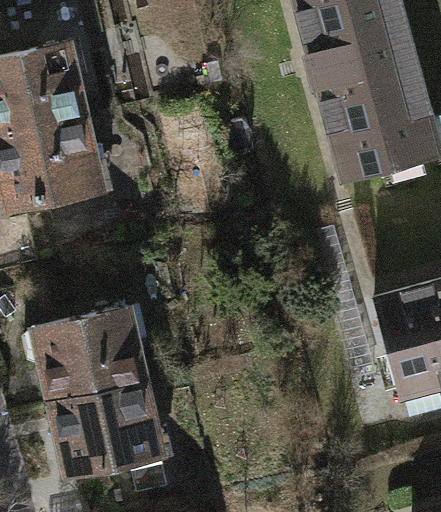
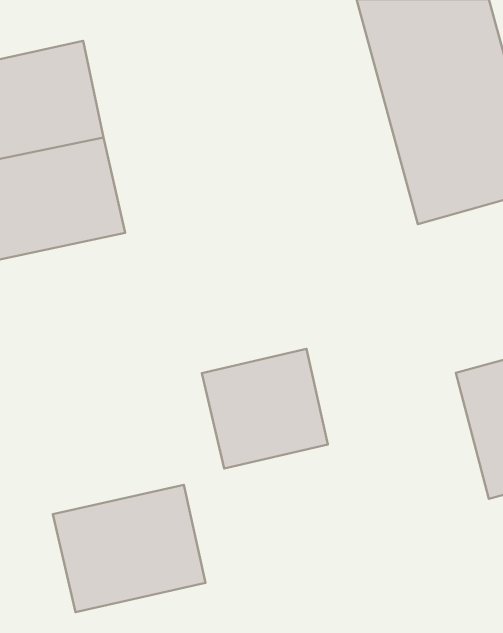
building: none -> [202,349,328,468]
building: [35,310,156,410] -> none

